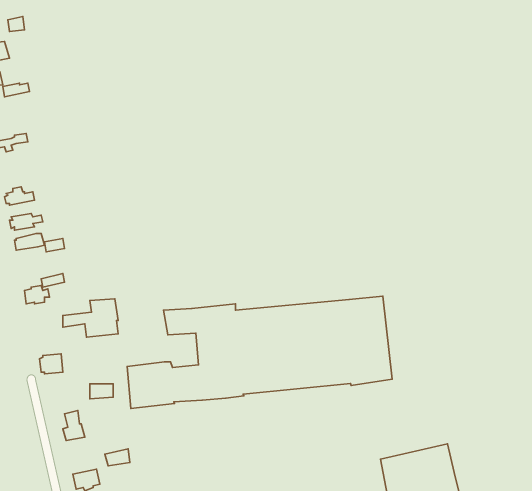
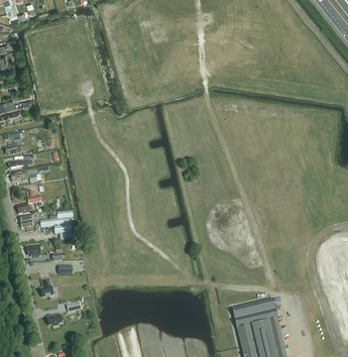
building: [127,296,392,409] -> none

